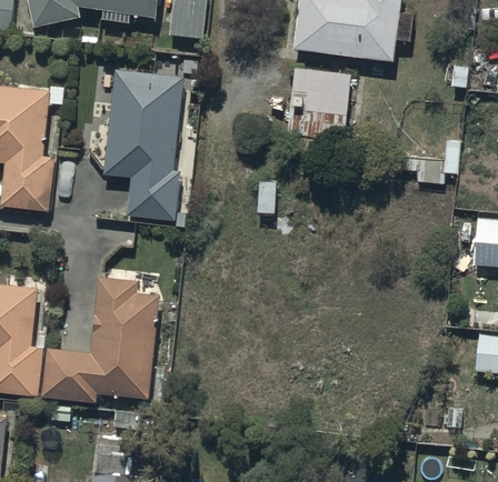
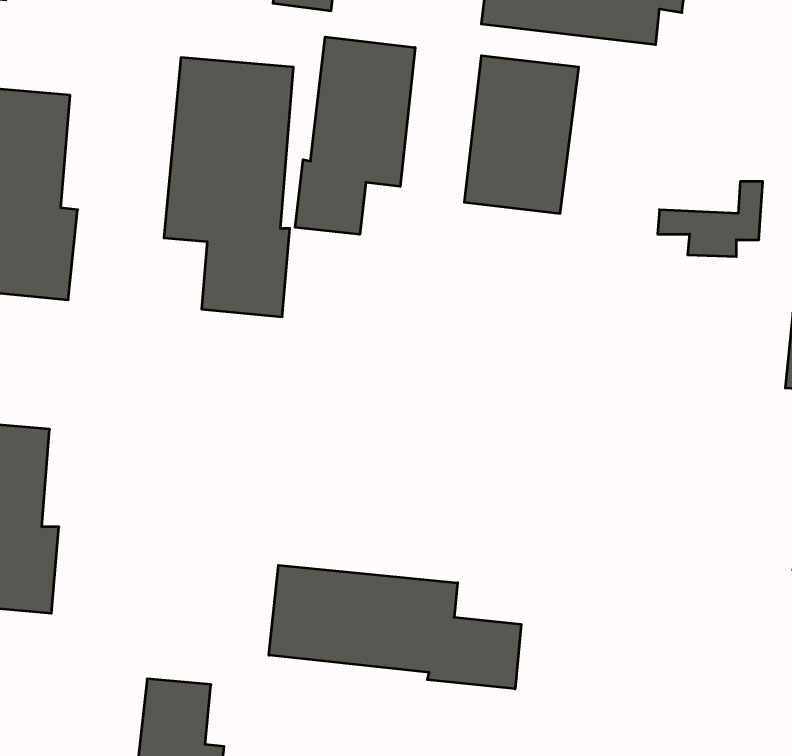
building: none -> [295,37,415,234]
building: [41,275,159,402] -> none
building: none -> [269,565,521,689]

